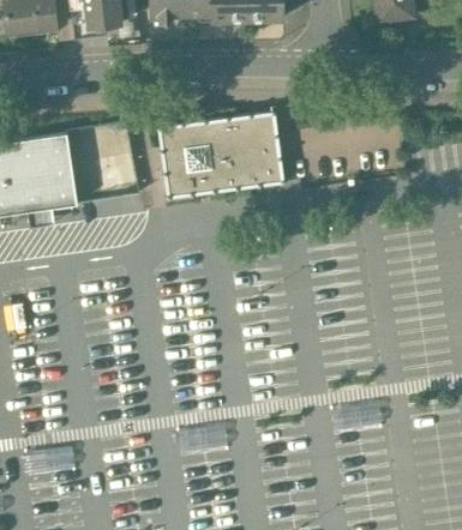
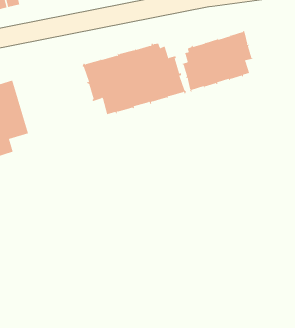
building: none -> [181,30,253,92]

